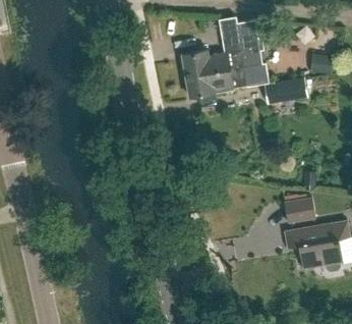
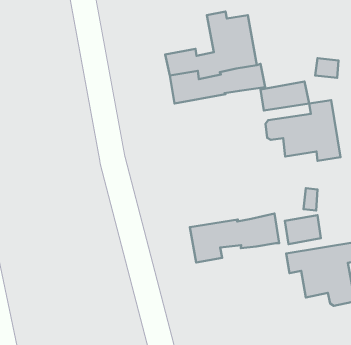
building: none -> [266,100,341,161]
building: none -> [190,214,279,262]

